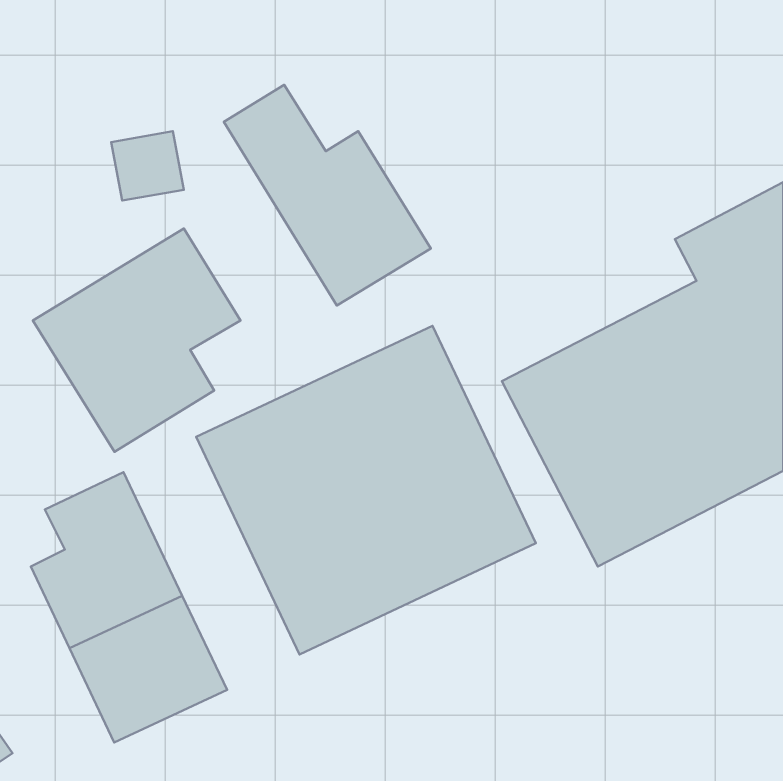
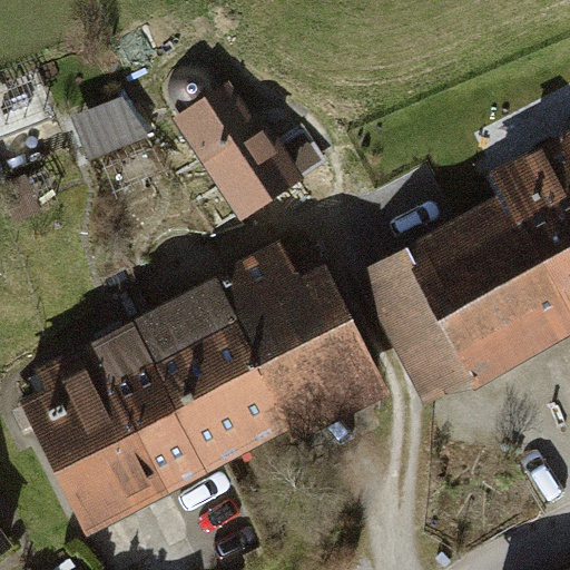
building: [33,228,240,452] -> none
building: none -> [89,315,216,498]

